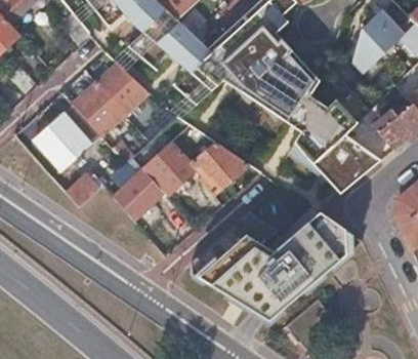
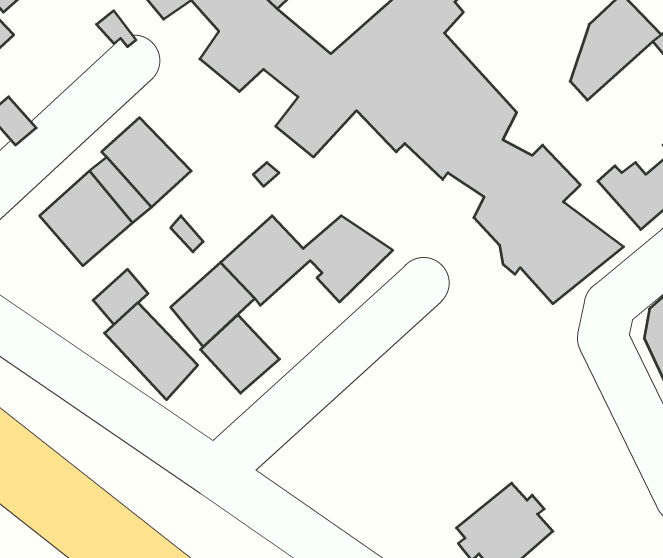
building: [95,62,151,114] -> none
building: none -> [104,303,198,400]
building: none -> [200,315,280,393]
building: [193,210,362,321] -> none

